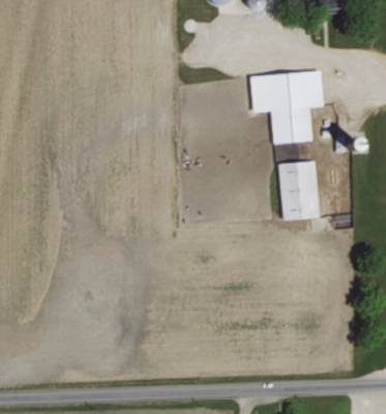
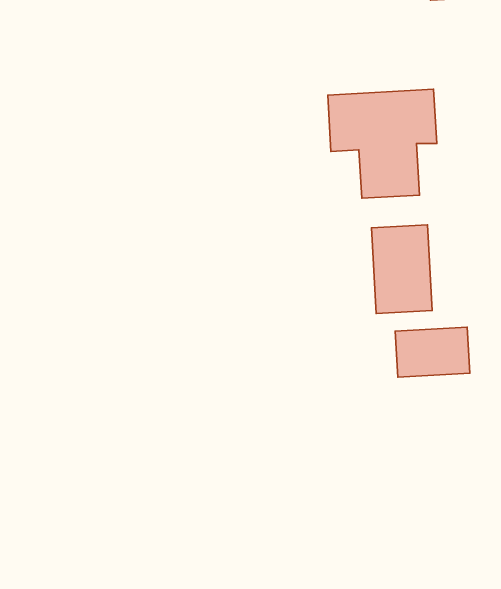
building: none -> [395,327,470,377]

